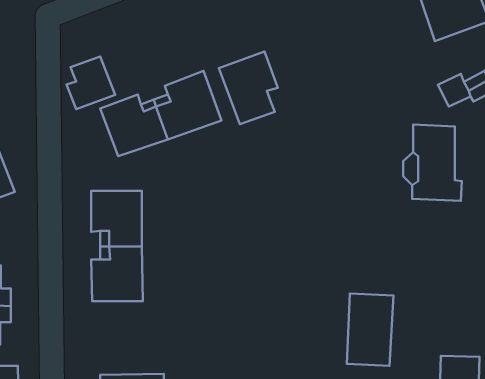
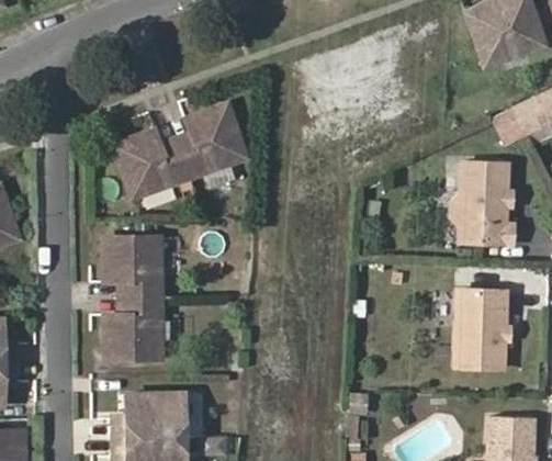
building: [219,52,278,124] -> none
building: [67,57,115,109] -> none
building: [347,293,394,366] -> [455,289,507,369]
building: none -> [115,392,185,438]

